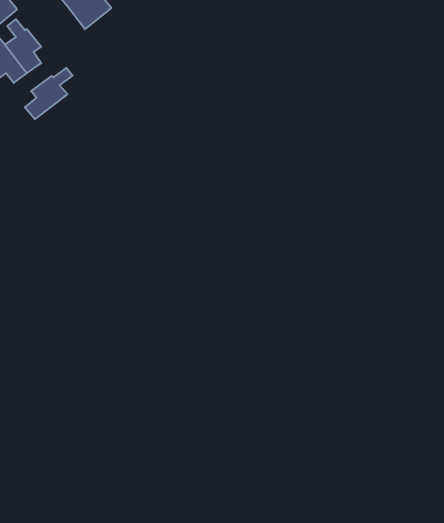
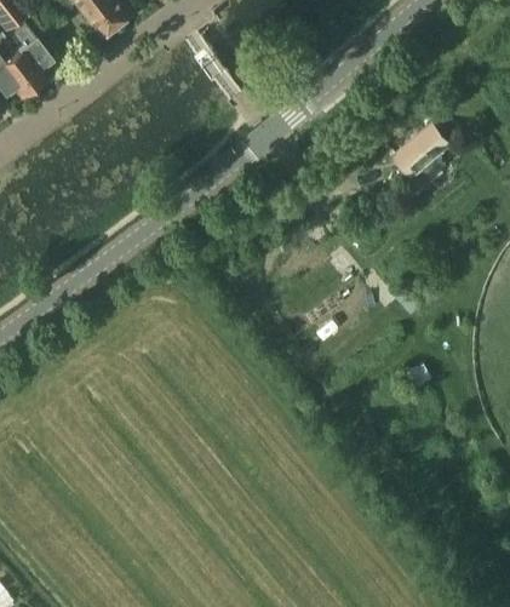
building: [25,68,73,119] -> none
building: none -> [392,126,448,178]

